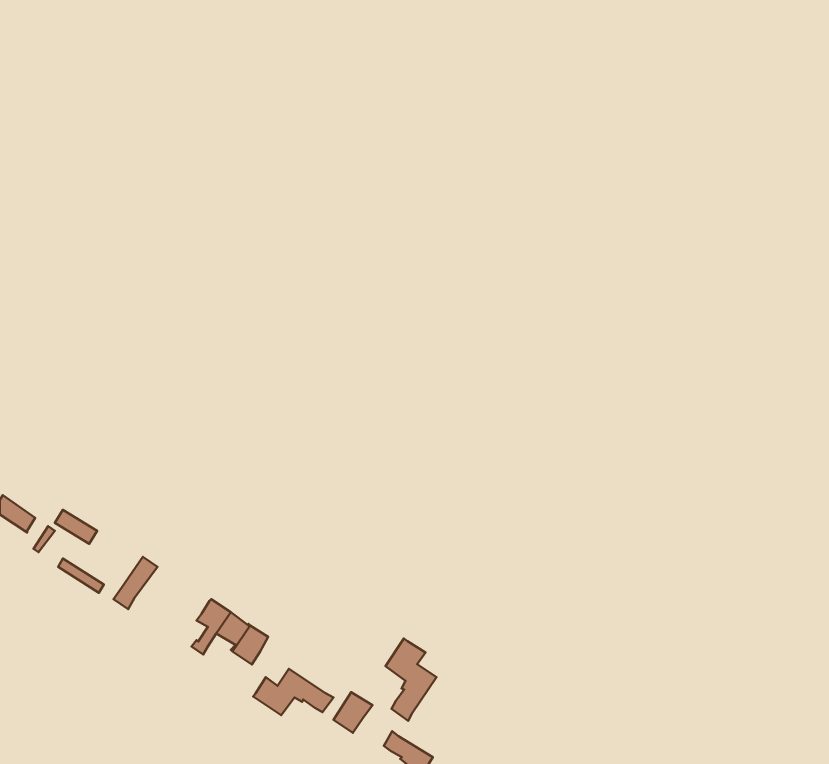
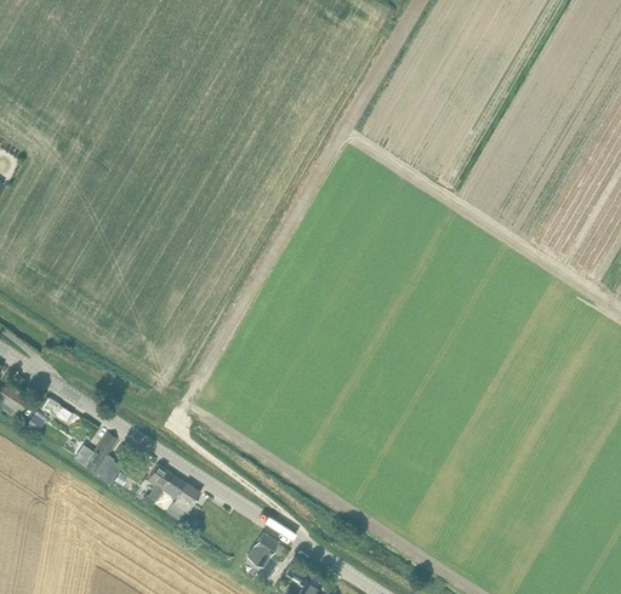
building: [386,638,436,721] -> none
building: [253,669,333,715] -> none

